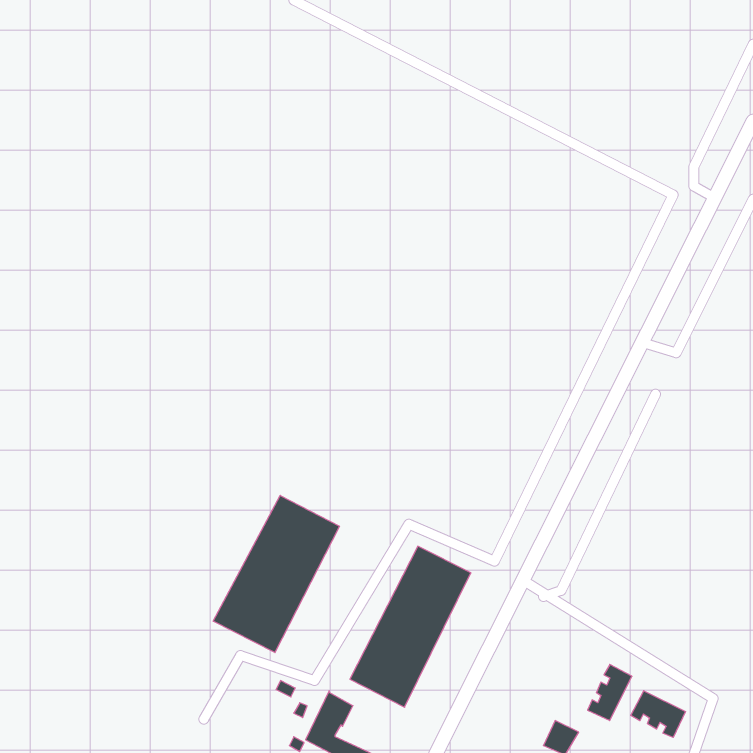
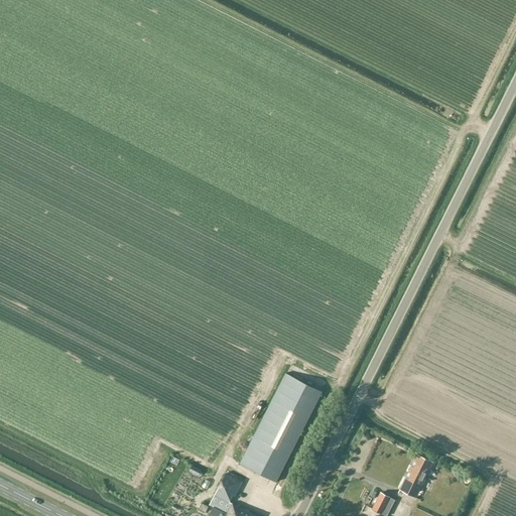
building: [213,495,339,653] -> none
building: [631,691,685,737] -> none

